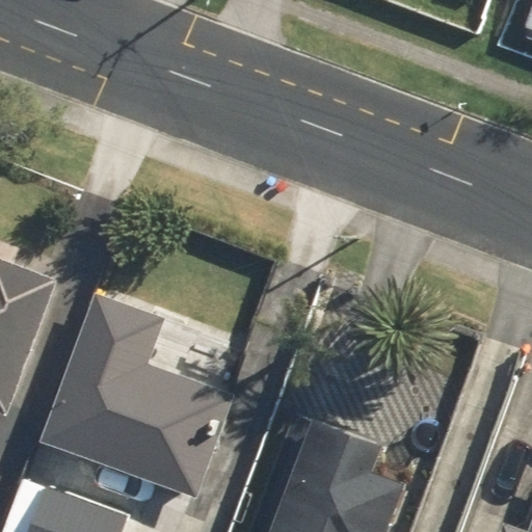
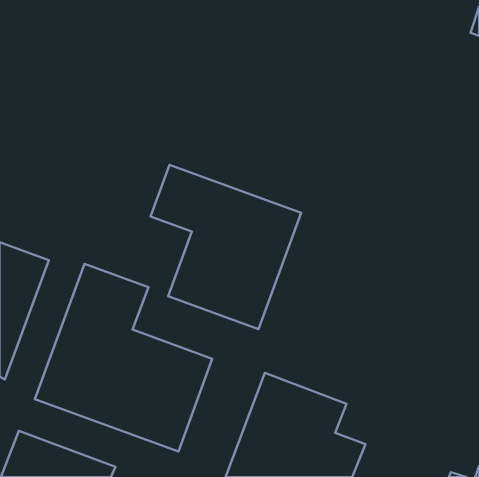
building: none -> [151,165,301,329]

